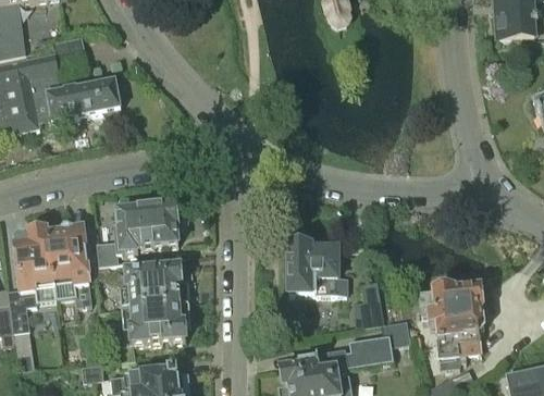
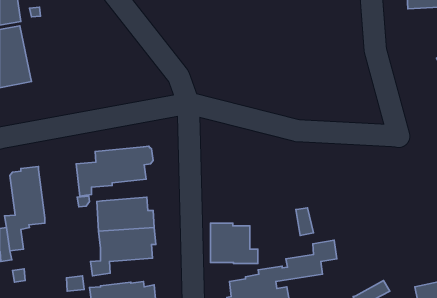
building: [25,50,120,119] -> none
building: [48,224,90,297] -> none
building: [288,243,346,292] -> [210,223,258,263]
building: [419,282,483,367] -> none

